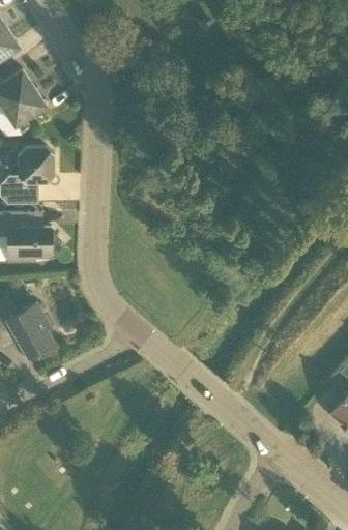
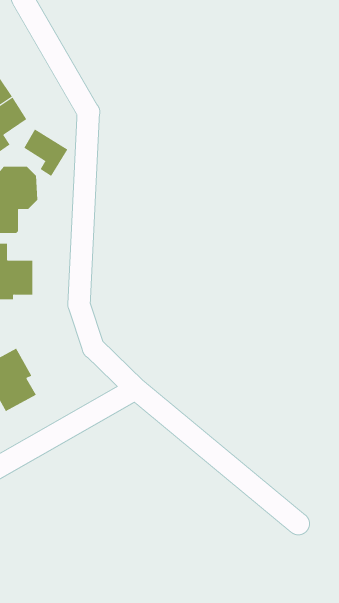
building: none -> [23,129,68,177]

